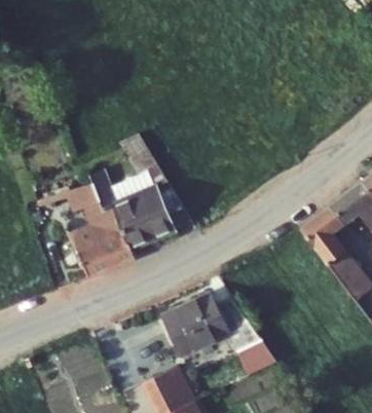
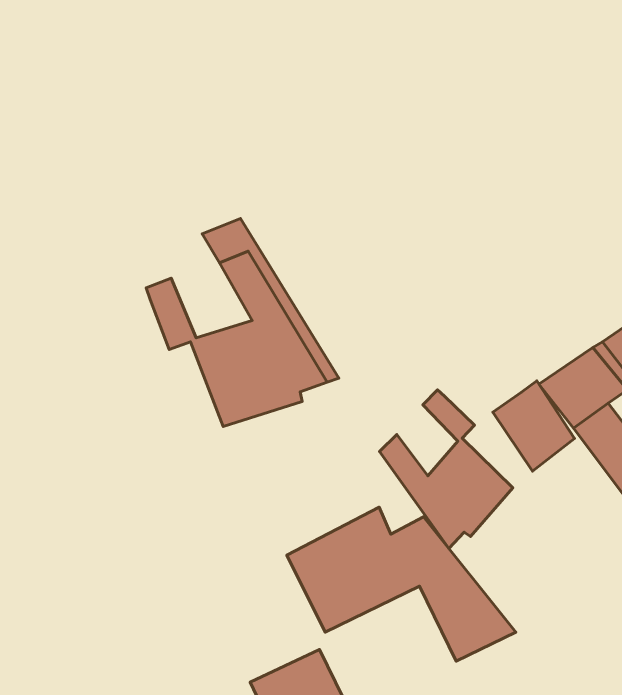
building: [66,180,131,275] -> none
building: none -> [493,381,574,471]
building: none -> [379,390,513,548]

